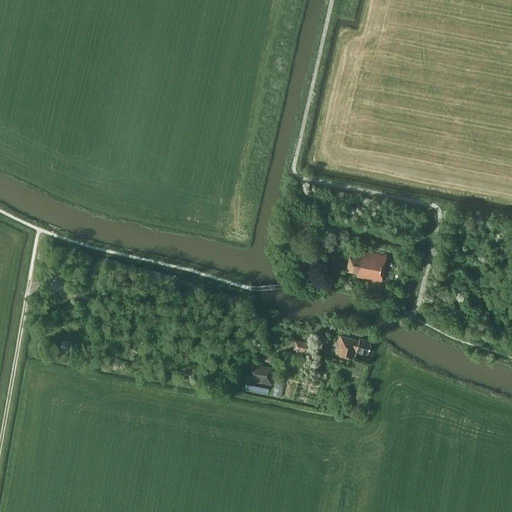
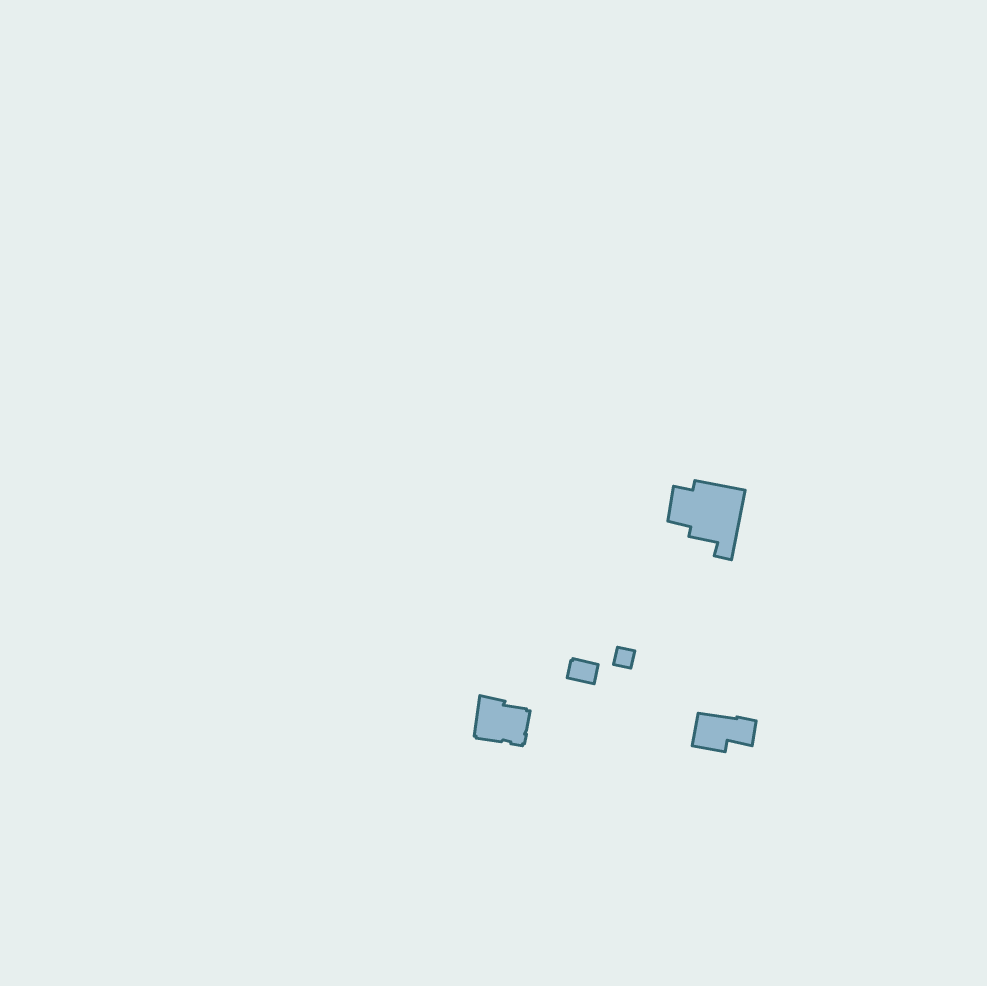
building: [337,338,370,358] -> [692,713,756,752]

